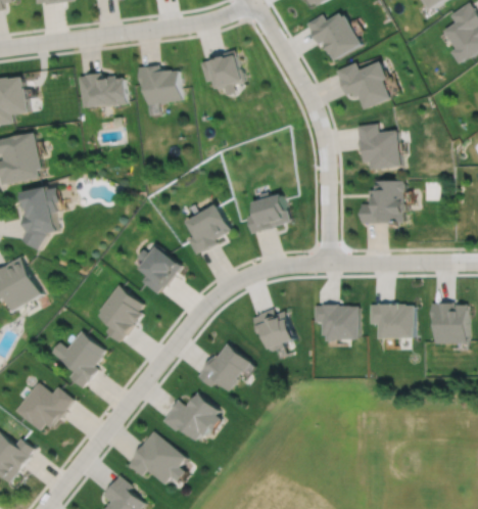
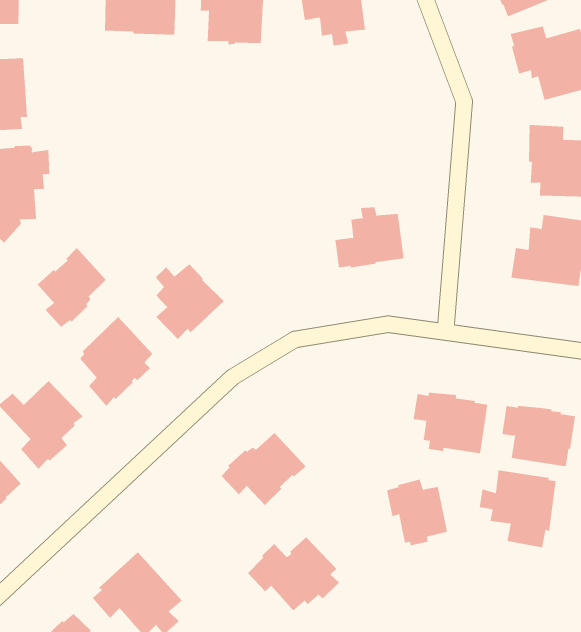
building: [187,204,232,255] -> none
building: none -> [37,247,107,328]
building: [251,308,294,351] -> [386,479,448,546]
building: none -> [479,470,556,548]
building: [161,392,221,441] -> [247,537,340,611]

